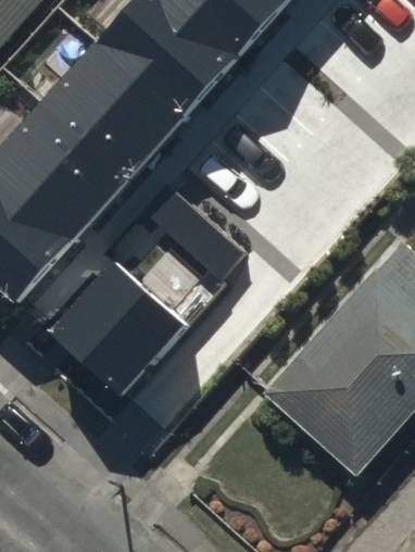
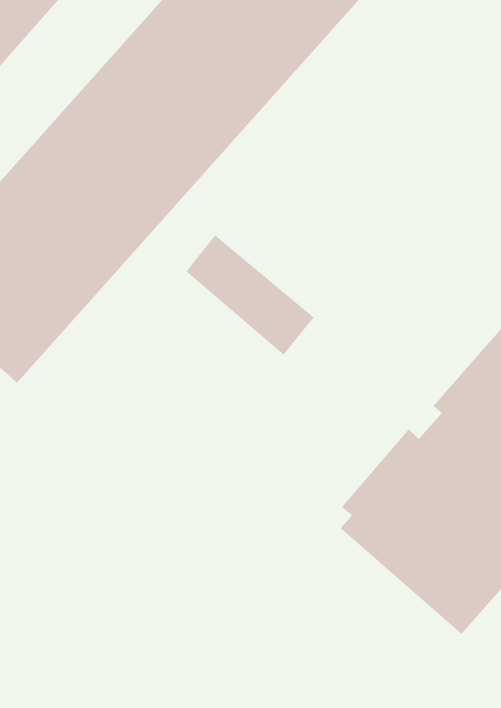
building: [51,260,184,391] -> none

